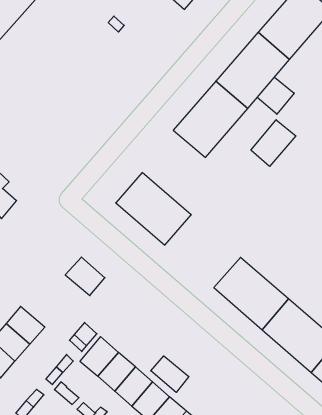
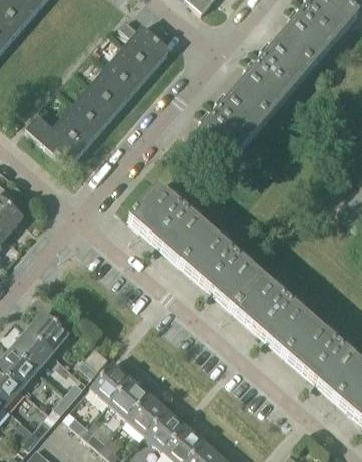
building: none -> [25,28,169,164]
building: [257,77,294,114] -> none
building: [251,120,296,166] -> none
building: none -> [180,229,261,307]
building: [65,257,105,296] -> [27,308,69,349]
building: [151,356,189,392] -> none

